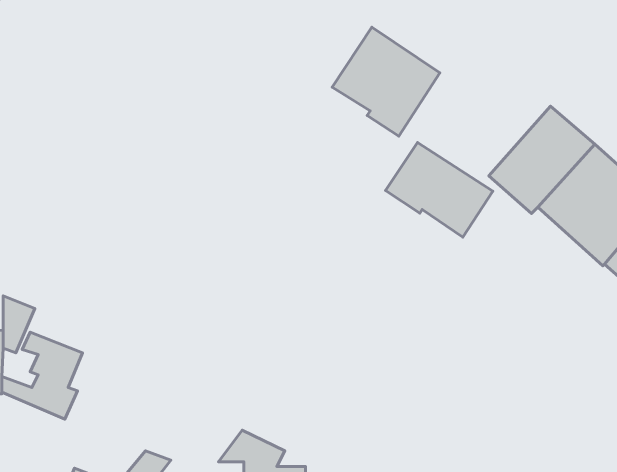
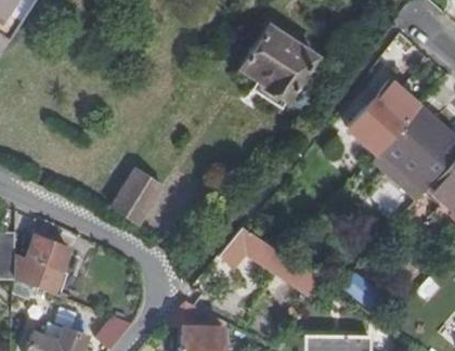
building: [385,143,493,237] -> none
building: none -> [113,171,160,223]
building: none -> [219,227,318,294]

